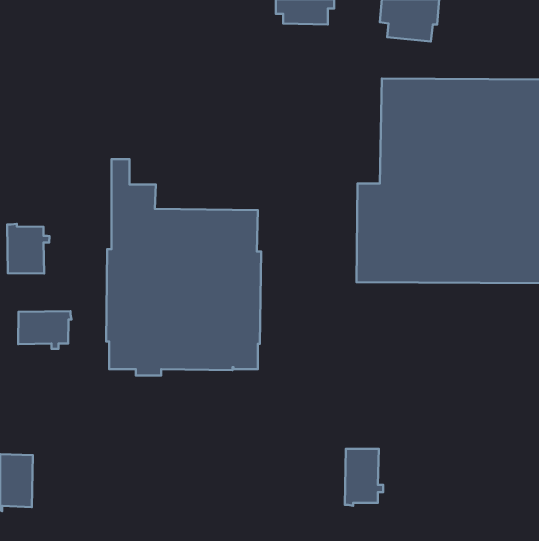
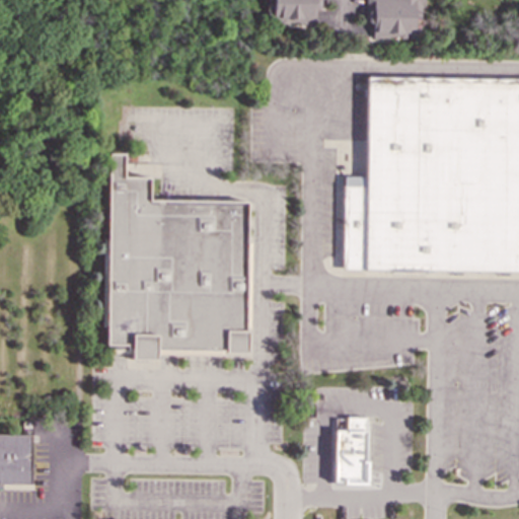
building: [7,224,49,274] -> none
building: [18,311,71,349] -> none

